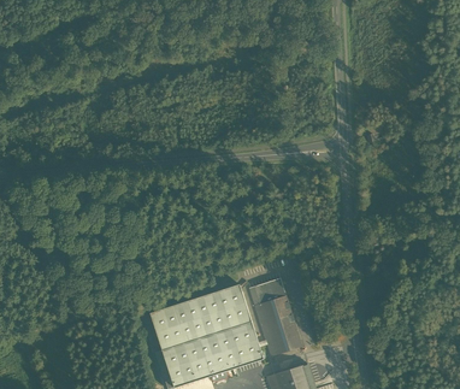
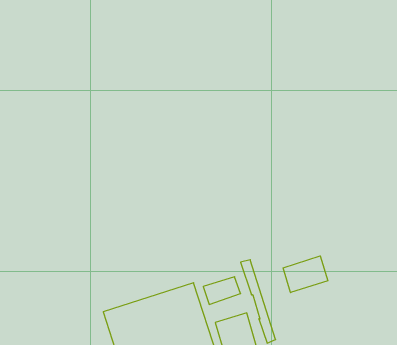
building: none -> [283,256,328,293]
building: [255,296,293,325] -> none

